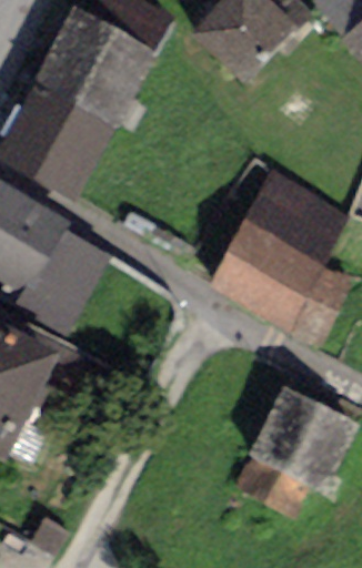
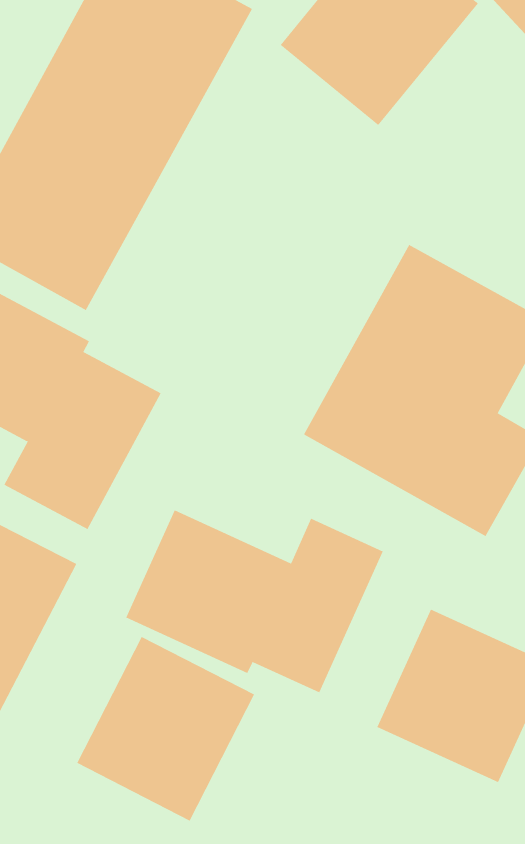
building: none -> [125,510,384,693]
building: none -> [77,636,255,821]

